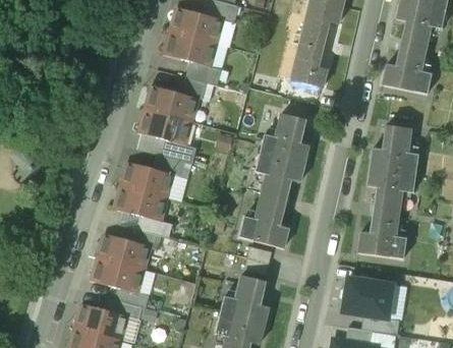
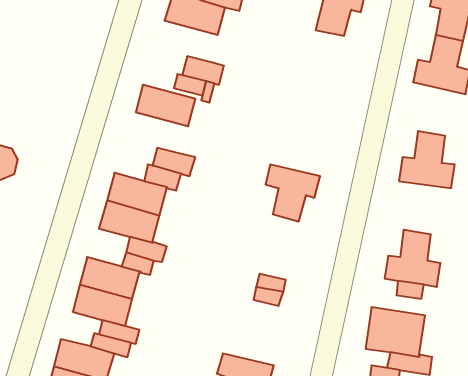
building: [165,31,217,66] -> none
building: [291,39,328,88] -> none
building: [139,109,191,144] -> none
building: [262,115,308,164] -> none
building: [369,168,416,214] -> none
building: [240,196,288,247] -> none
building: [221,277,269,326] -> none

